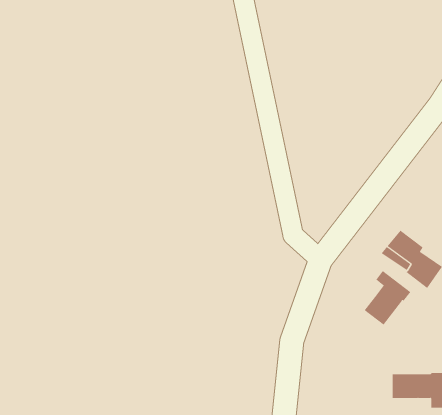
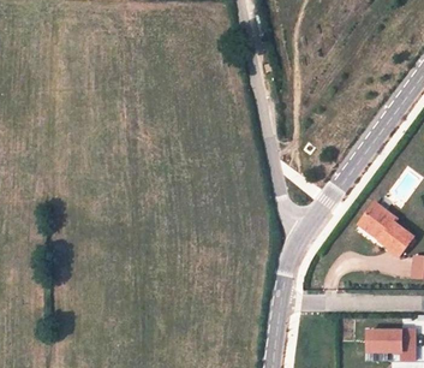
building: [364,270,411,326] -> none

